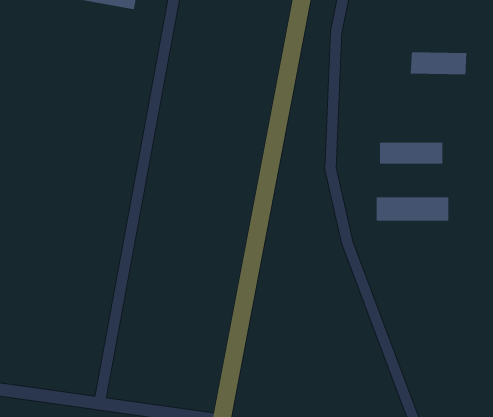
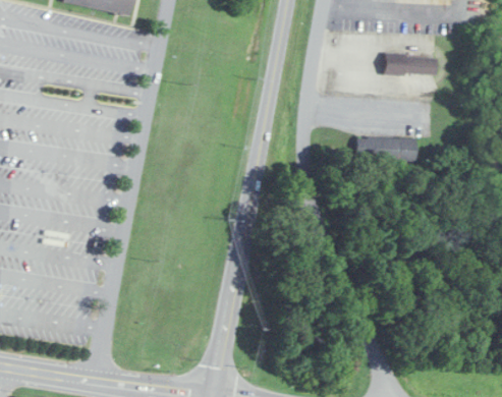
building: [376,196,449,222] -> none

